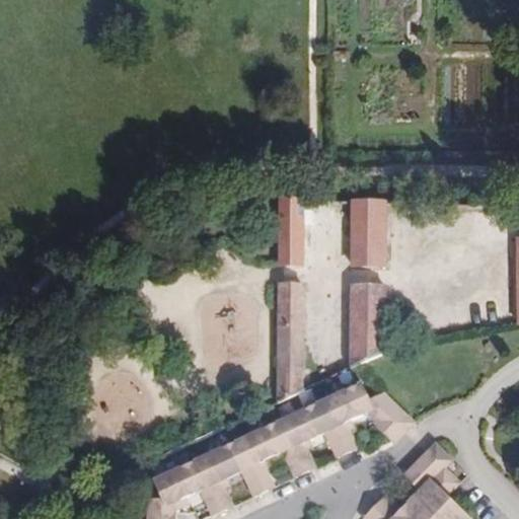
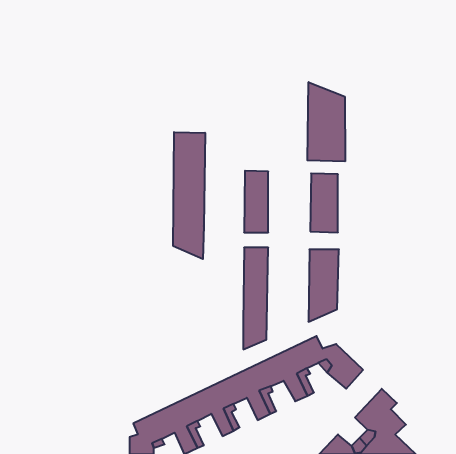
building: none -> [307,82,345,161]
building: none -> [173,132,205,259]

